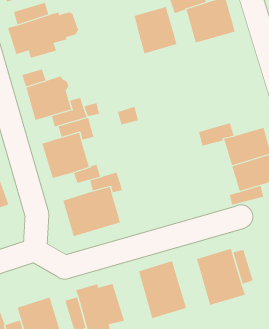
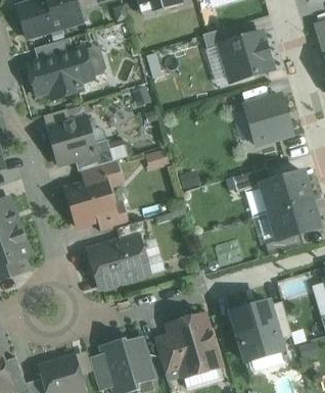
building: [134,6,177,54] -> none
building: none -> [244,94,292,145]
building: none -> [154,333,181,373]

